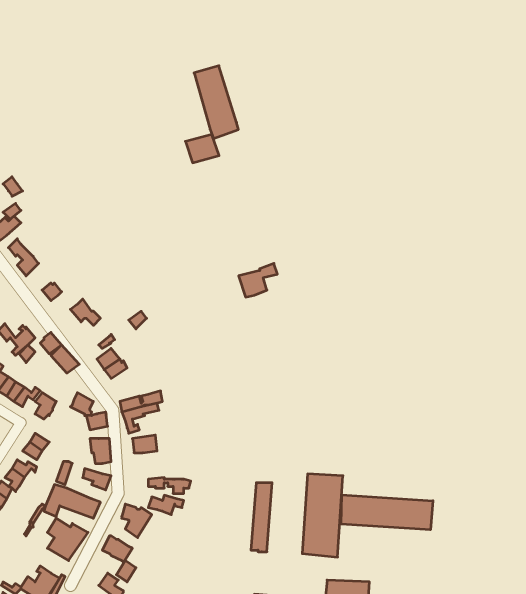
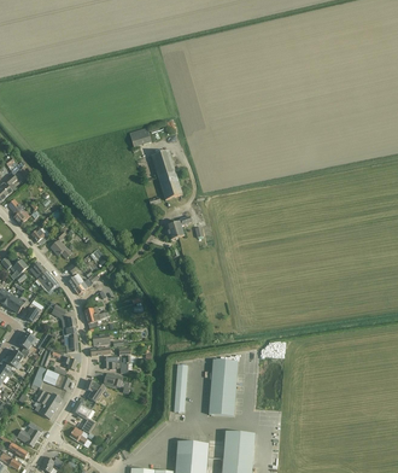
building: [194,66,238,138] -> [151,150,181,199]
building: [341,495,433,530] -> none

